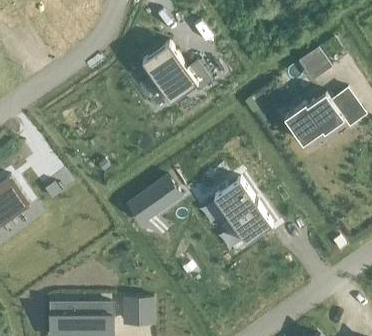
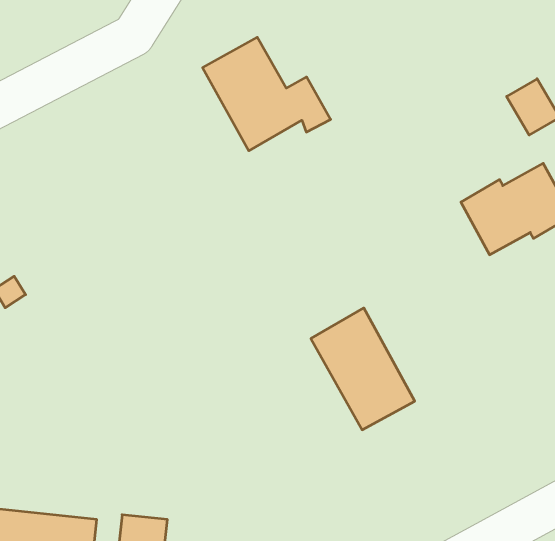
building: [126,177,179,223] -> none

